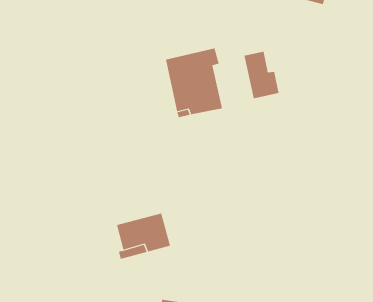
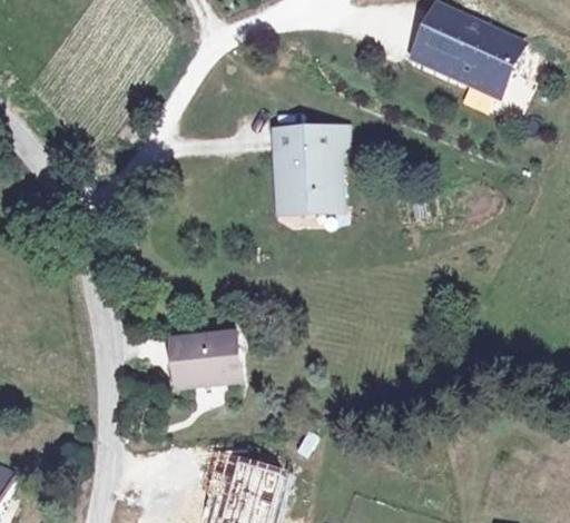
building: [244,51,279,99] -> none

